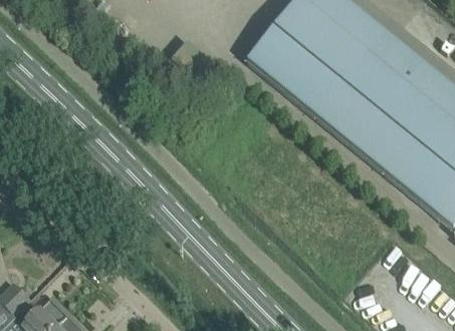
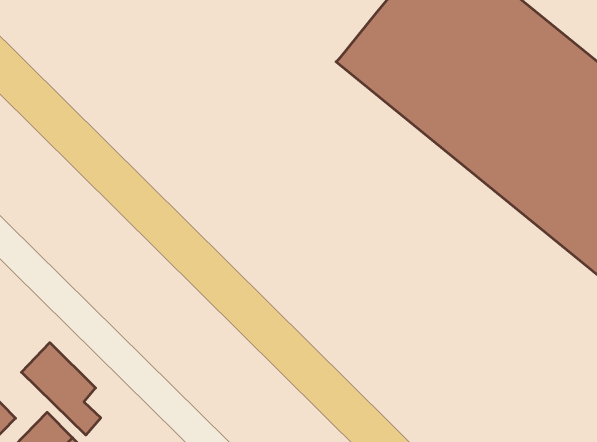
building: none -> [21,343,101,435]

